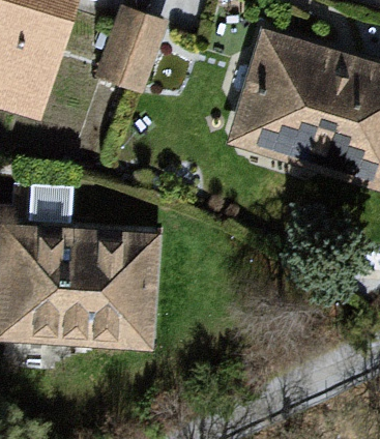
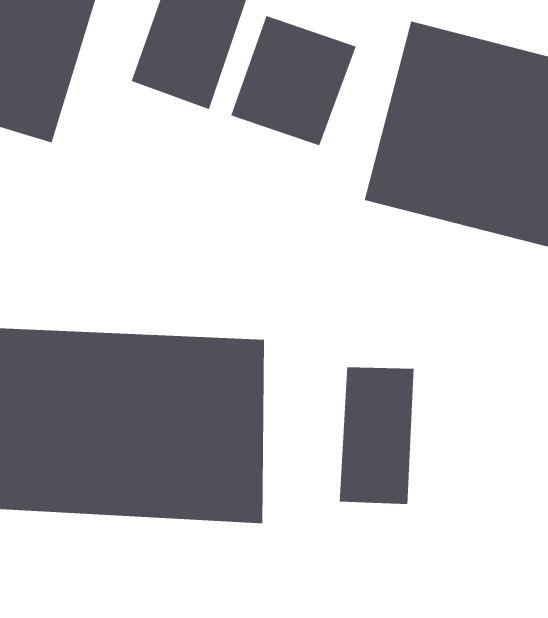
building: none -> [231,15,356,146]
building: none -> [339,366,414,505]

